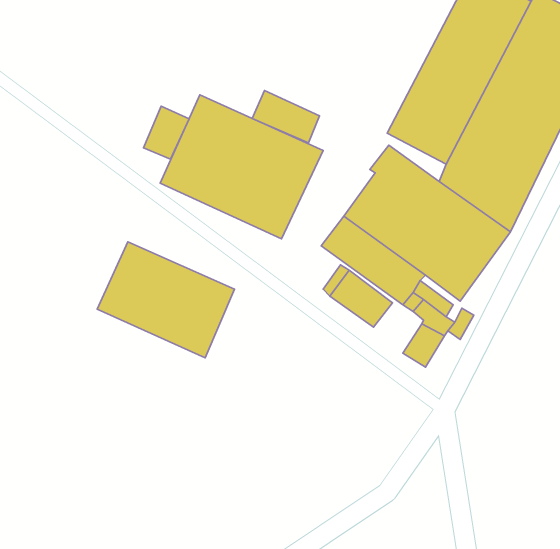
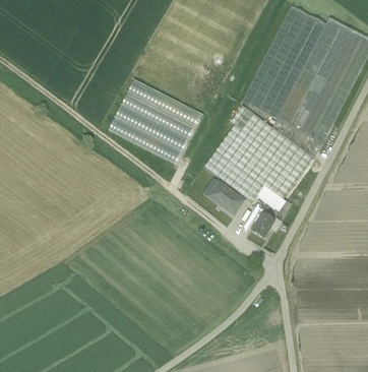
building: [252,91,319,143] -> none
building: [144,106,189,159] -> none
building: [97,242,234,358] -> none

